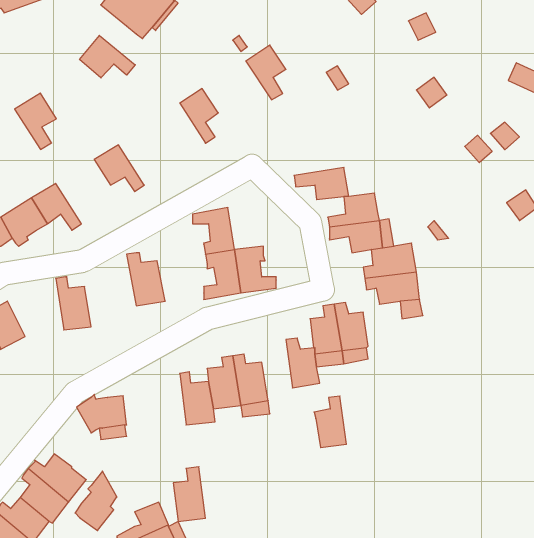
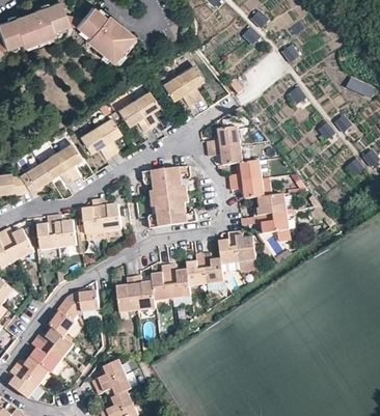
building: [80,35,135,78] -> none
building: none -> [161,75,192,104]
building: [15,93,56,149] -> [53,143,80,179]
building: none -> [117,102,150,132]
building: none -> [93,119,119,155]
building: none -> [206,126,239,148]
building: none -> [164,166,189,196]
building: none -> [83,199,105,235]
building: none -> [37,215,58,250]
building: [314,396,346,448] -> [185,254,206,287]
building: [173,467,205,522] -> [116,276,137,311]
building: [75,471,117,531] -> [49,298,76,336]

